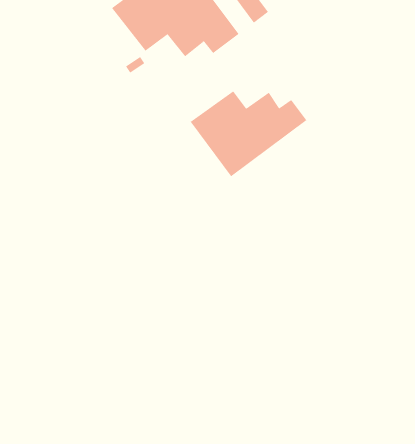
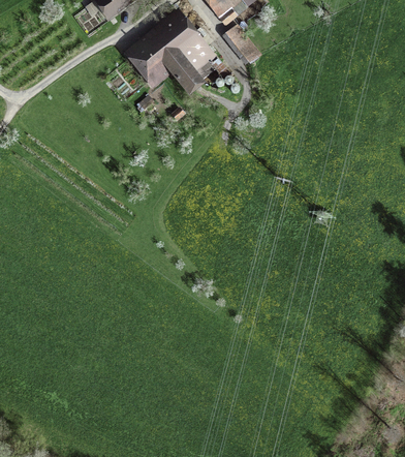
building: [190,90,307,177] -> none

